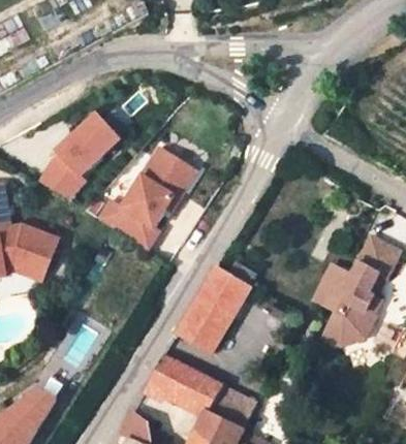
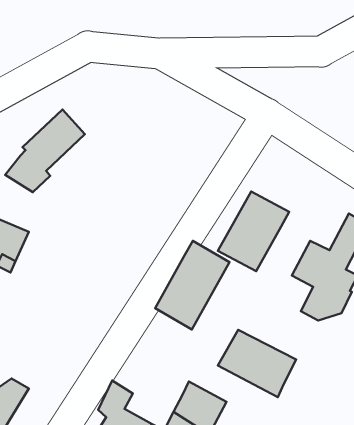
building: [90,154,190,257] -> none
building: none -> [218,191,289,271]
building: [148,341,227,409] -> [218,330,296,397]

